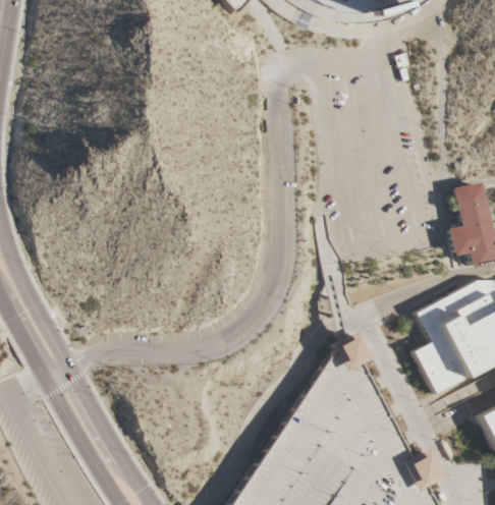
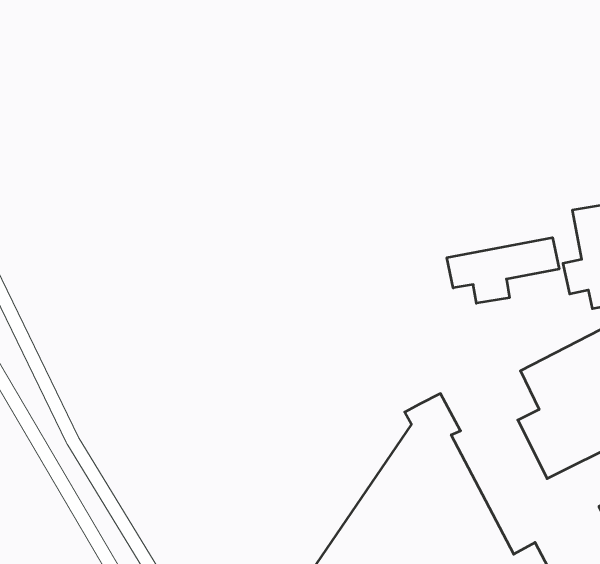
building: none -> [447,238,559,303]

